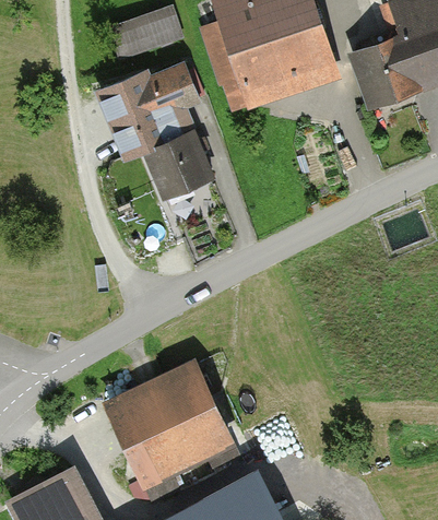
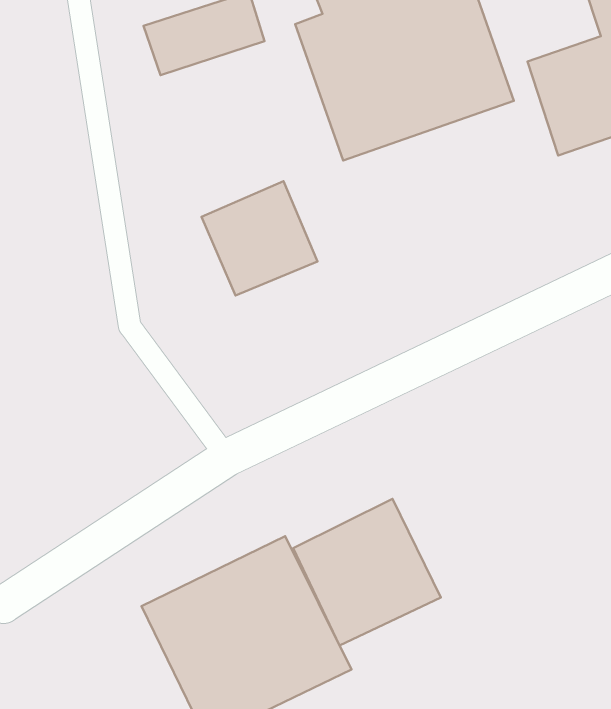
building: [93,61,200,158] -> none
building: none -> [293,499,441,646]

